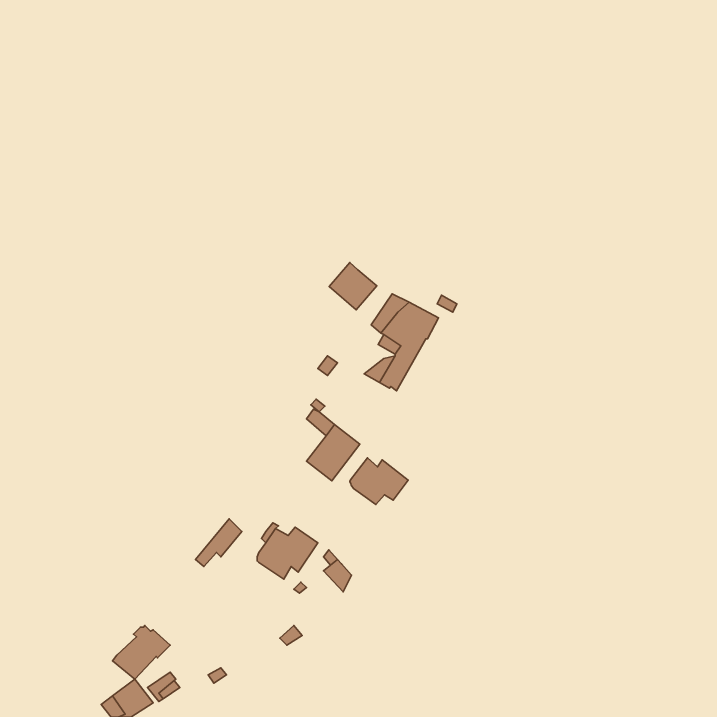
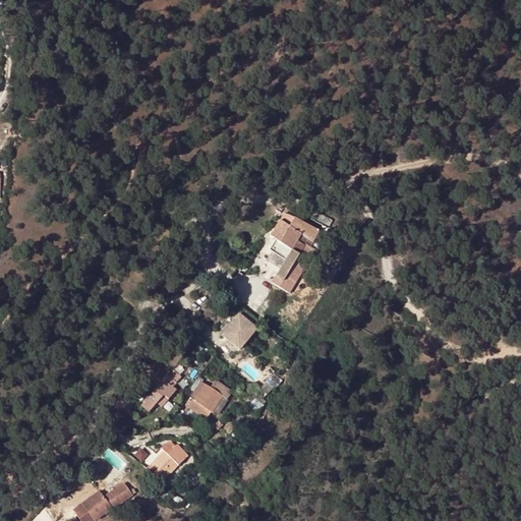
building: [329,263,377,310] -> none
building: [350,458,408,505] -> none
building: [112,626,170,679] -> [146,443,187,481]

